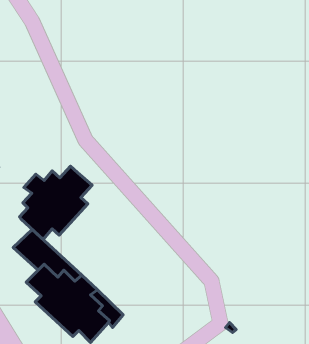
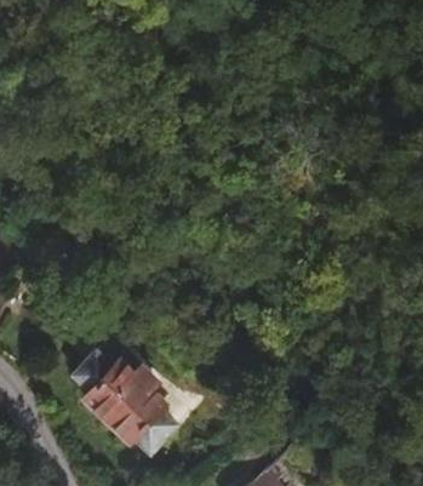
building: [20,166,92,240] -> none

